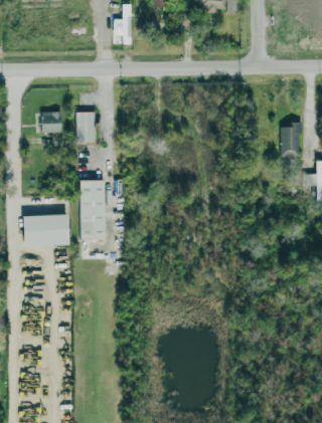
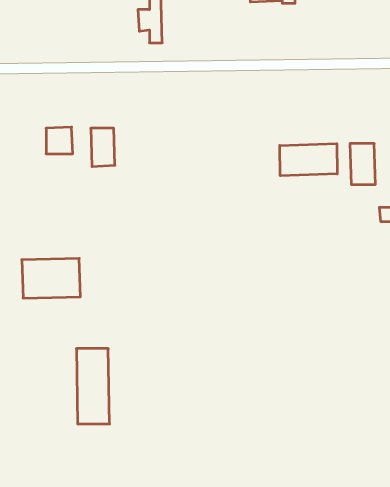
building: none -> [280,144,337,176]
building: [78,181,105,240] -> [76,349,110,424]

